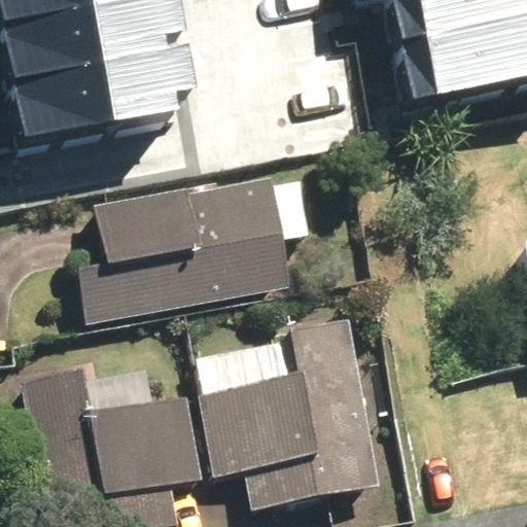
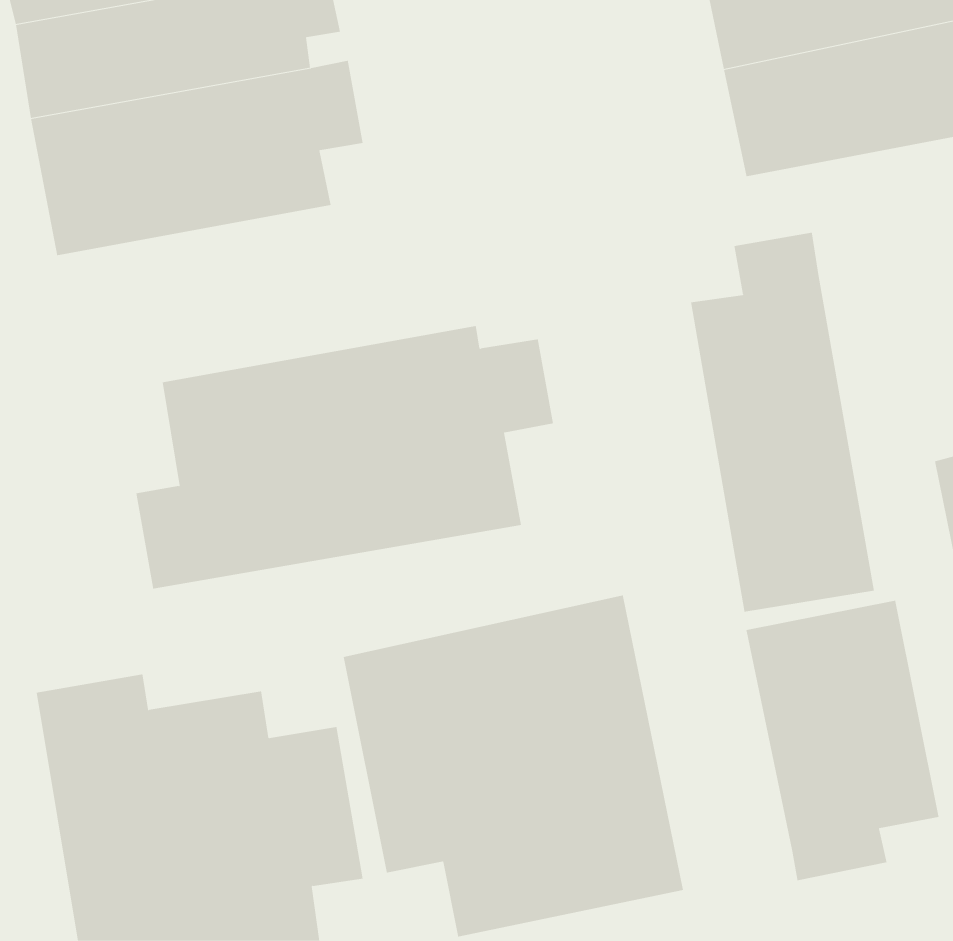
building: none -> [691,232,874,612]
building: none -> [746,600,939,881]

